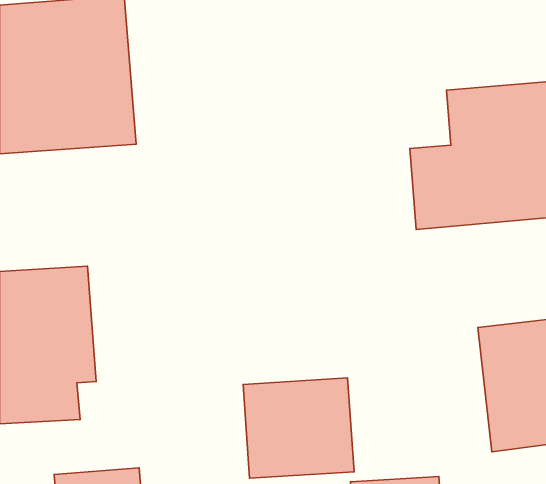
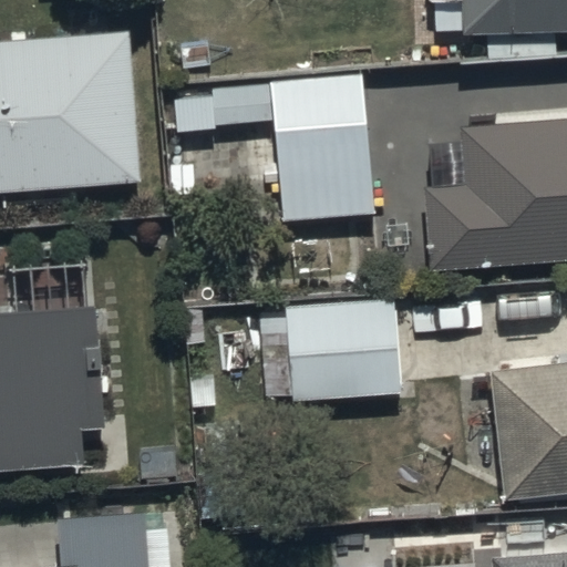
building: none -> [174,74,374,220]
building: [243,378,354,478] -> [286,298,400,401]

